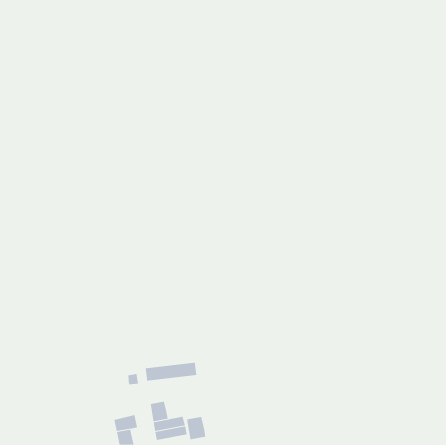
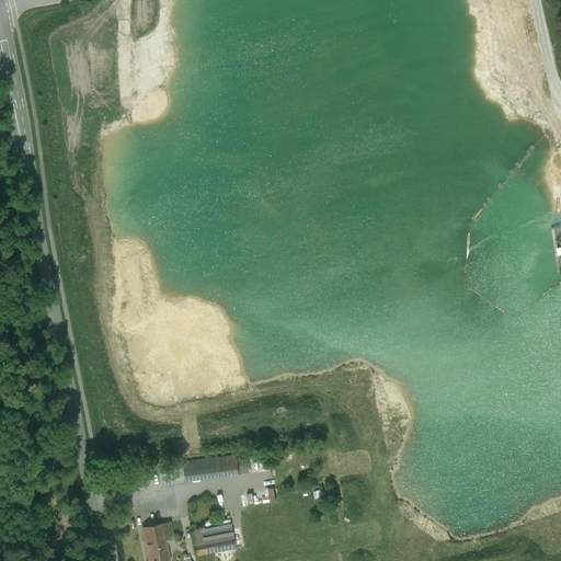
building: [150,401,168,422] -> none
building: [187,416,206,440] -> none

